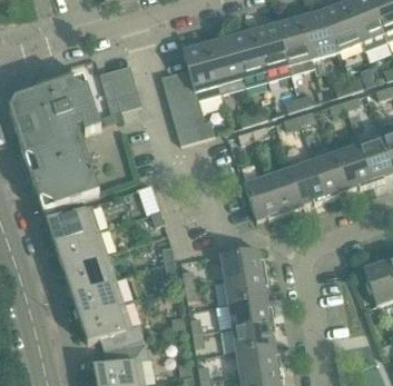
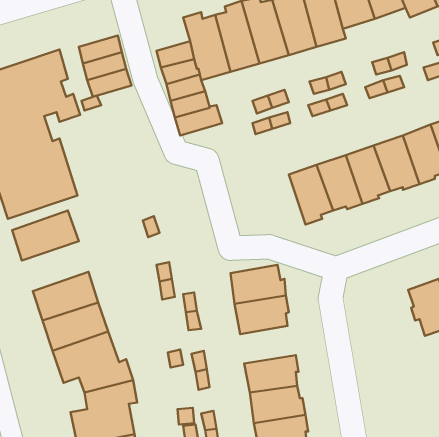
building: [244,174,281,218] -> none
building: [53,227,107,267] -> none
building: [228,295,273,325] -> none

